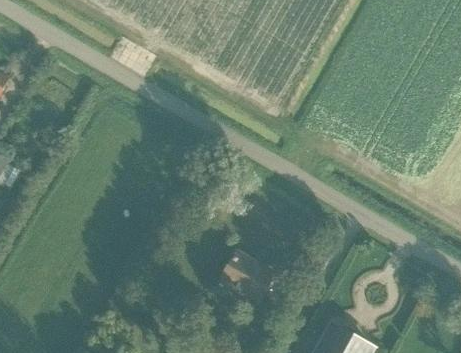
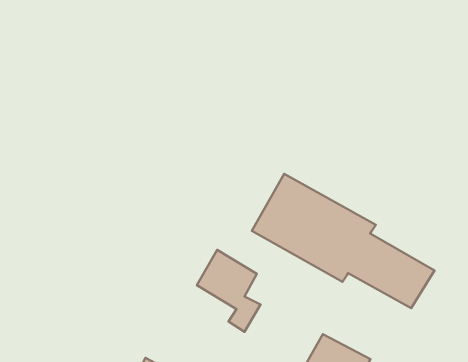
building: none -> [252,174,435,308]

